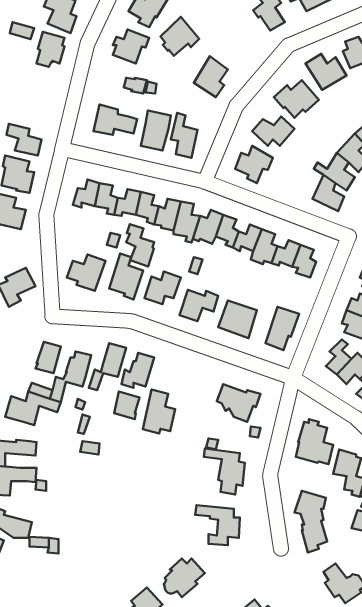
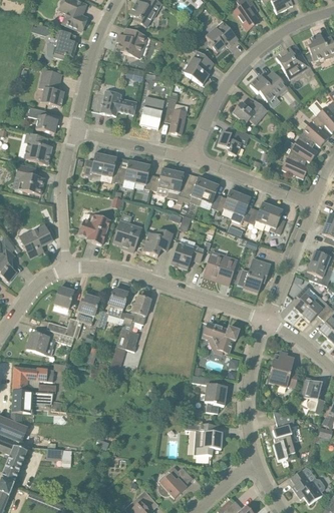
building: [160,17,199,56] -> [206,20,238,52]
building: none -> [39,69,63,106]
building: [126,224,154,267] -> none
building: [143,390,175,434] -> none

